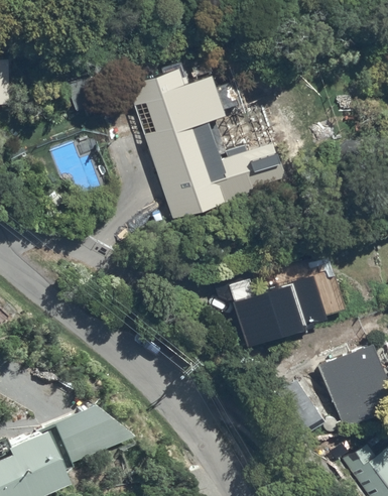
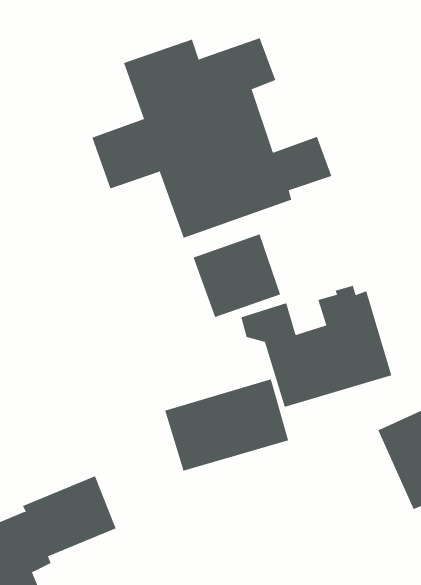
building: none -> [193,233,281,318]
building: none -> [164,378,289,472]

